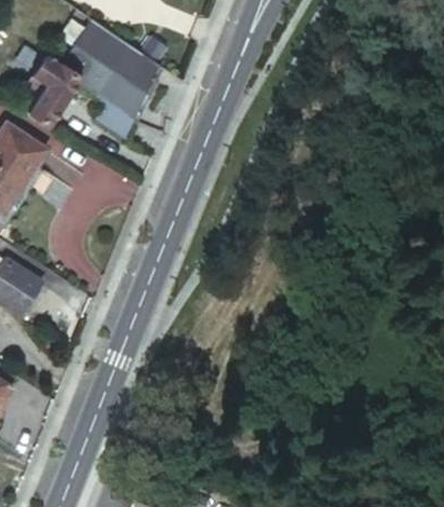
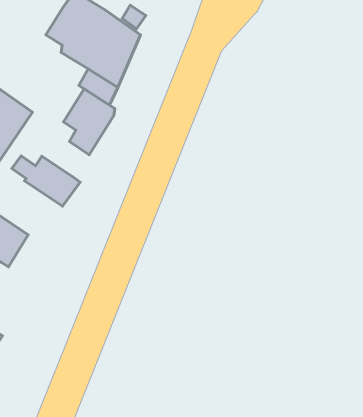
building: [24,55,80,126] -> [63,89,115,155]
building: none -> [12,156,80,206]

